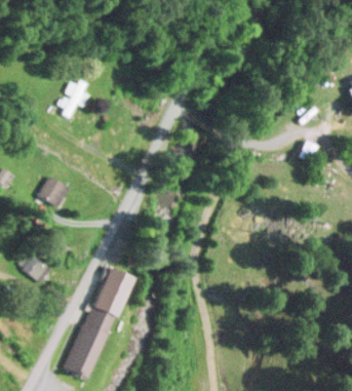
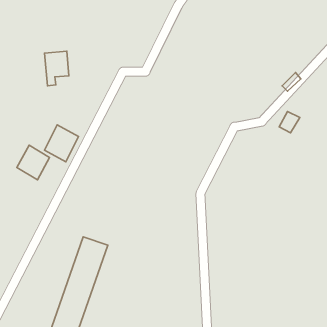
building: none -> [44,125,79,162]
building: [24,255,52,282] -> none

